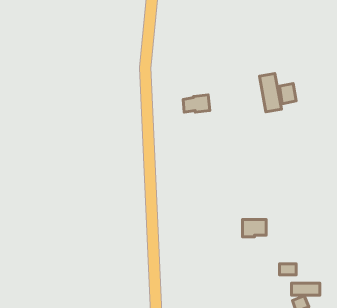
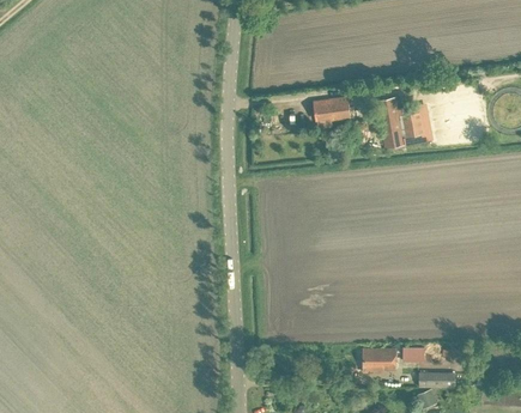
building: [183,95,210,112] -> [314,98,349,121]
building: [243,220,266,237] -> [363,350,394,372]

